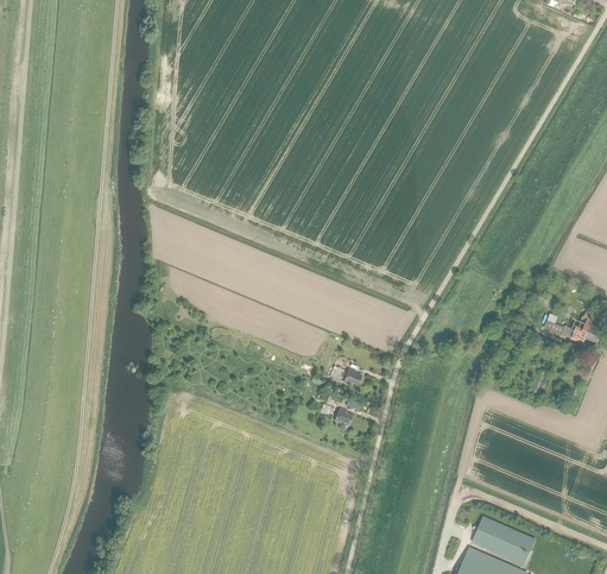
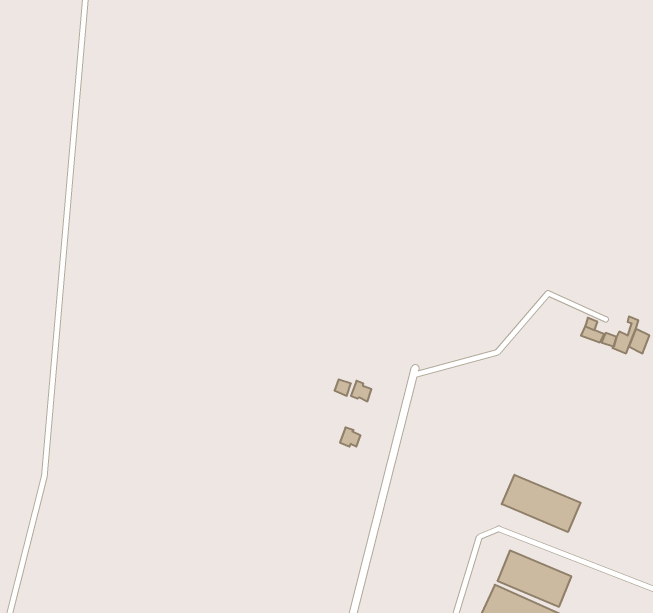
building: none -> [502,475,581,532]

